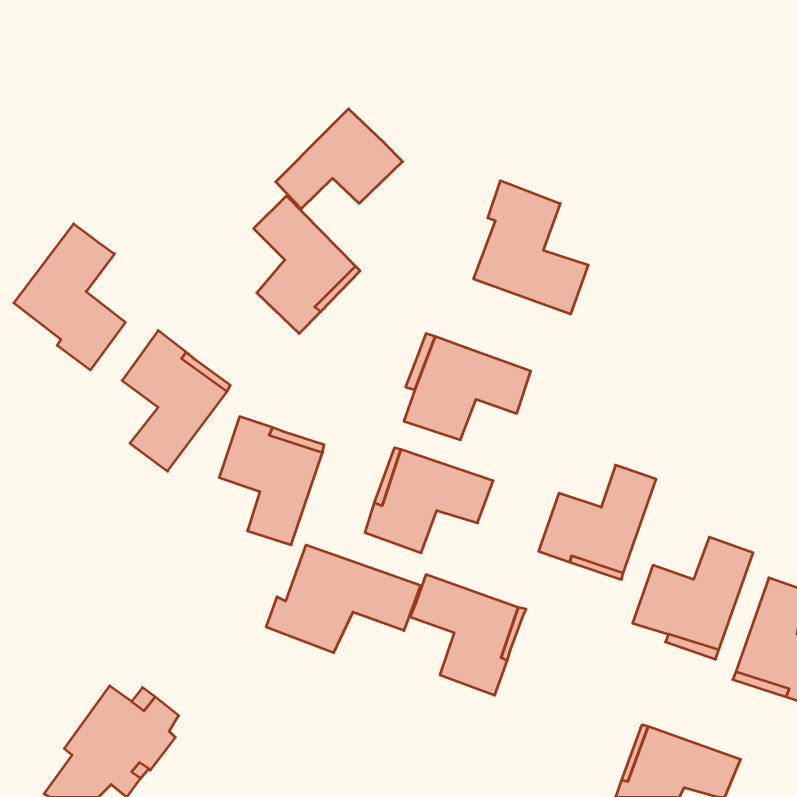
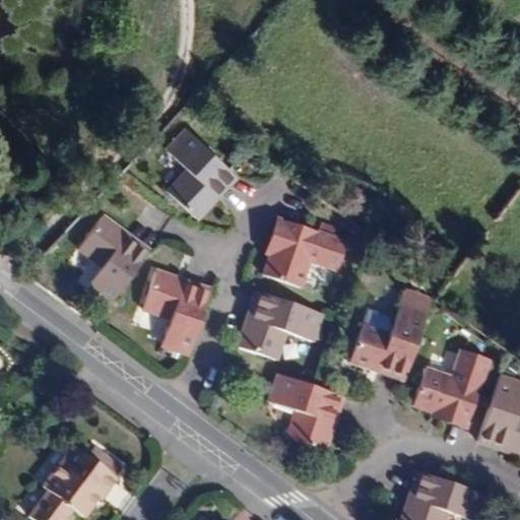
building: [276,109,403,209] -> none
building: [474,181,588,314] -> none
building: [14,224,125,370] -> none
building: [266,545,420,653] -> none

